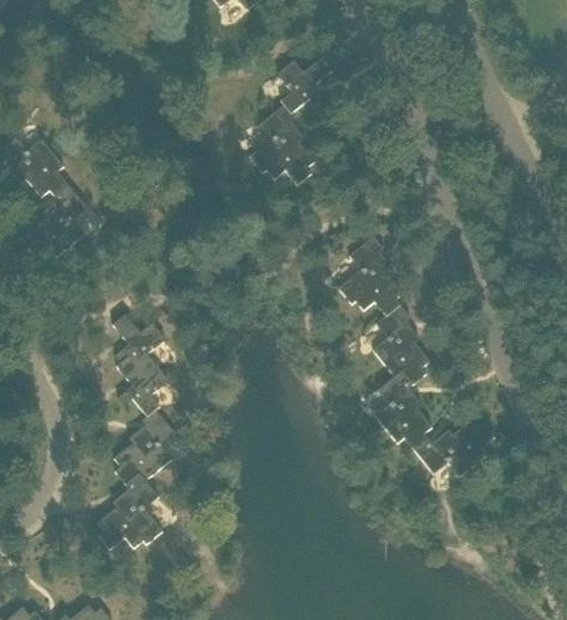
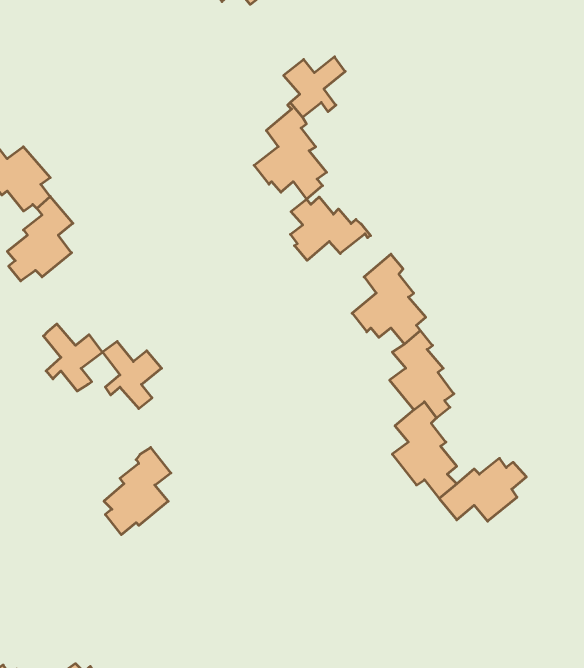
building: none -> [290,197,371,260]
building: [116,355,170,415] -> [43,324,102,391]
building: [98,477,164,549] -> none

